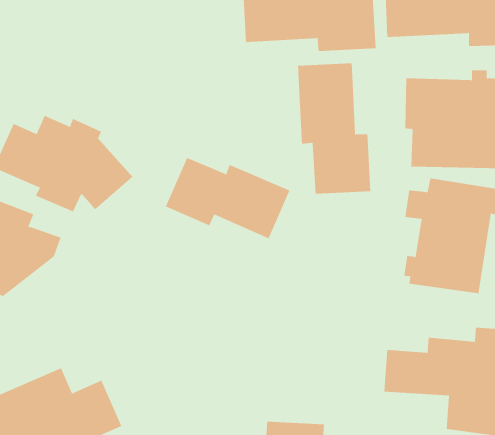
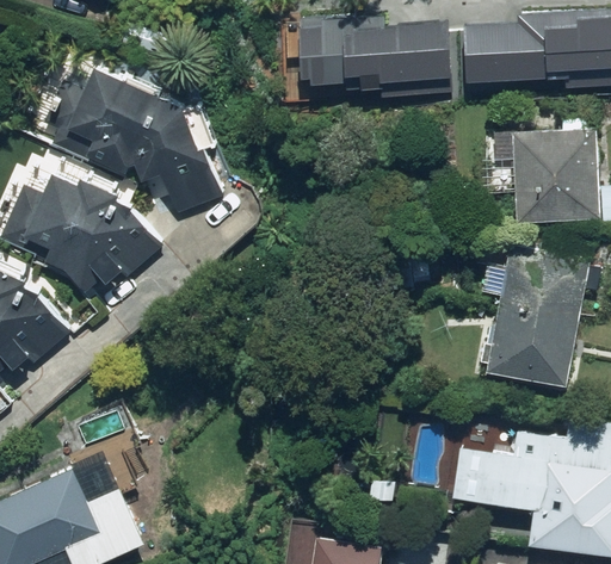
building: none -> [54,62,229,217]
building: [298,63,371,194] -> none
building: [165,157,290,239] -> none

